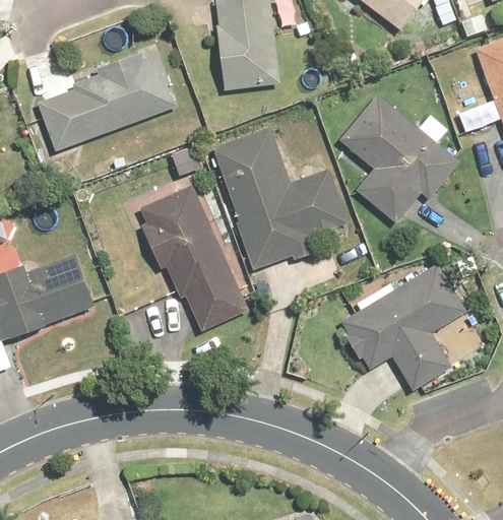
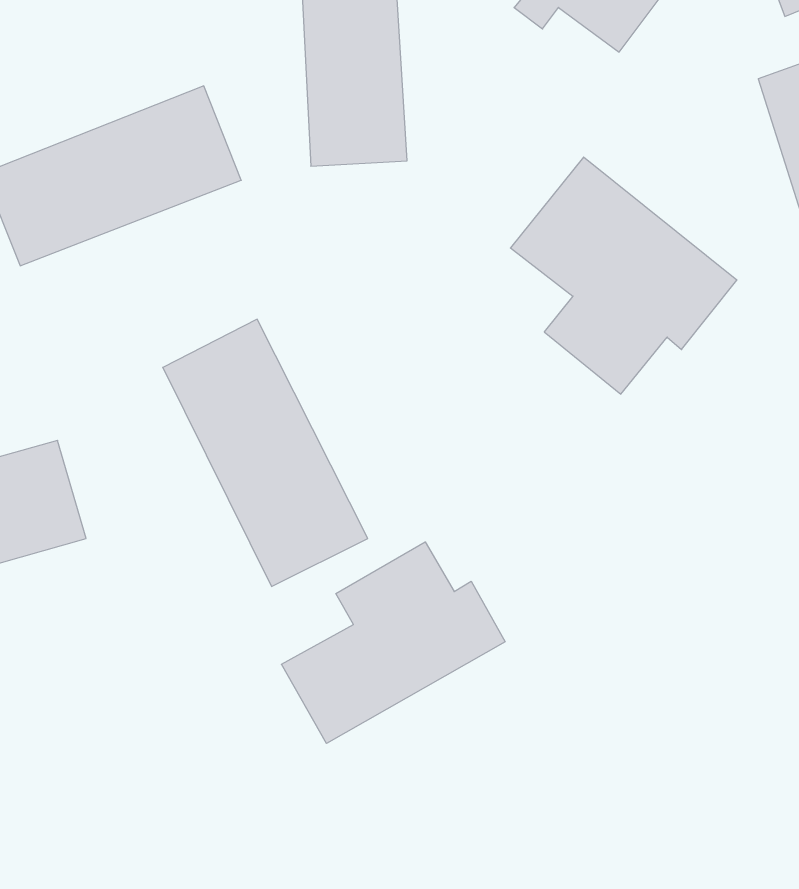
building: [210,124,354,269] -> none
building: [333,260,468,391] -> none
building: none -> [281,542,505,743]

